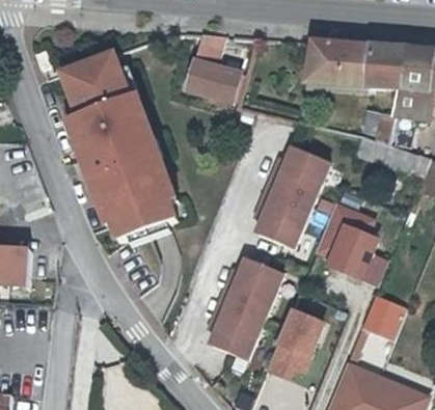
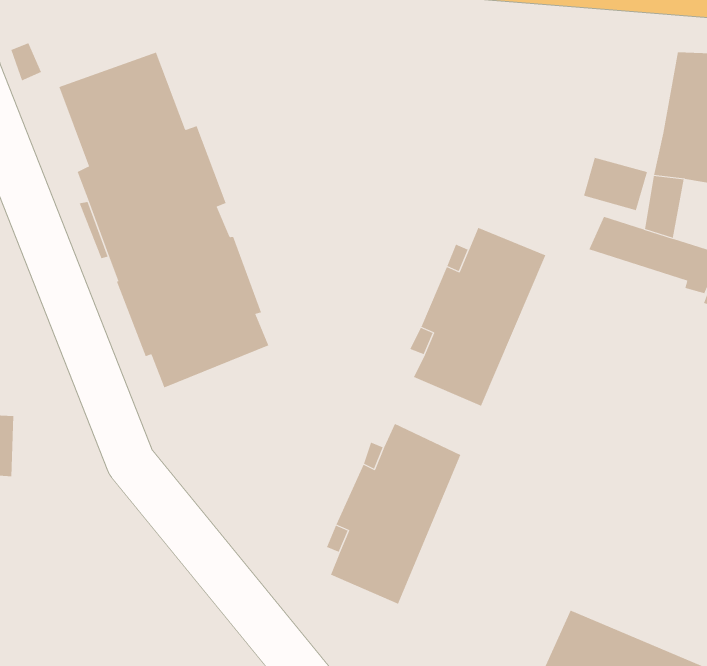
building: [187,32,247,100] -> none
building: [307,40,406,94] -> none
building: [314,202,383,284] -> none
building: [360,294,401,335] -> none
building: [264,306,321,378] -> none

